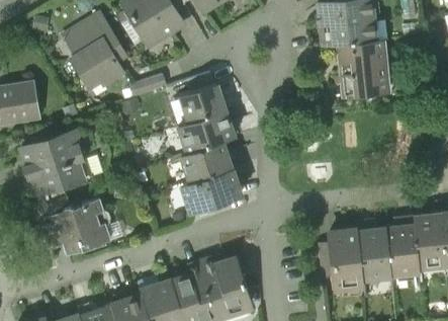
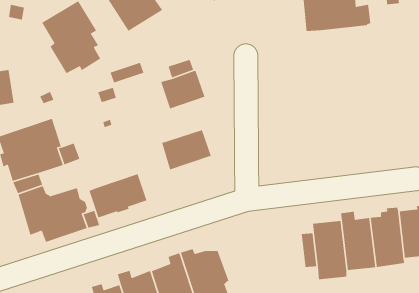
building: [332,39,388,95] -> none
building: [179,109,235,152] -> none
building: [183,167,241,212] -> [89,173,148,219]

